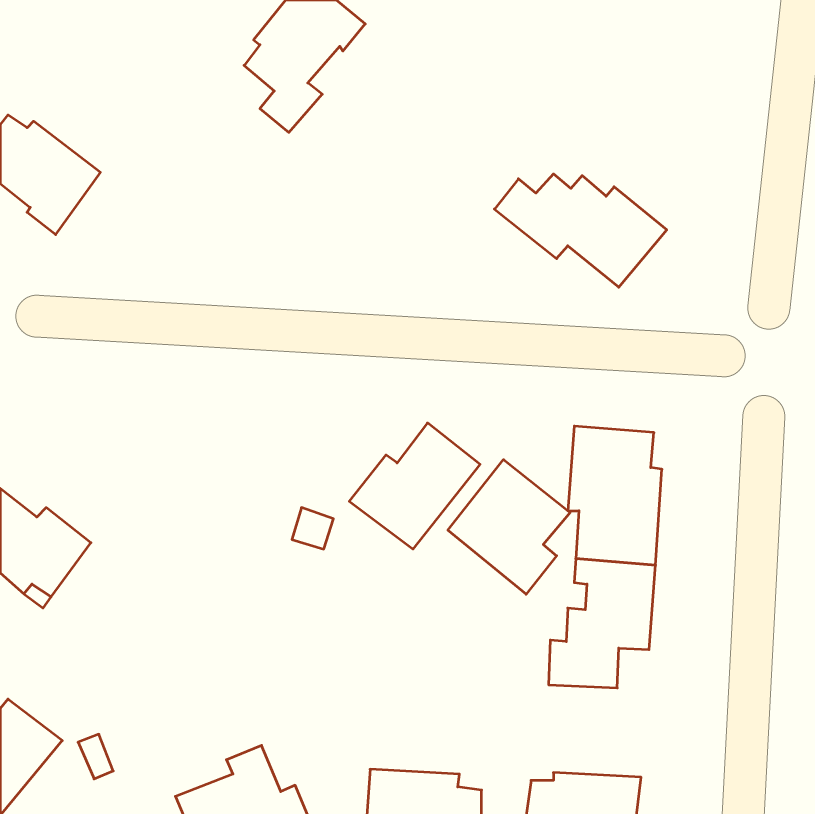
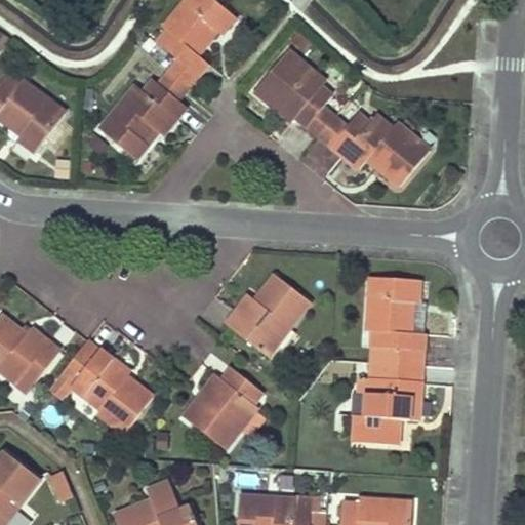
building: none -> [254,50,333,135]
building: none -> [99,71,186,158]
building: [448,460,570,594] -> none
building: none -> [63,339,152,433]
building: none -> [183,365,260,448]

